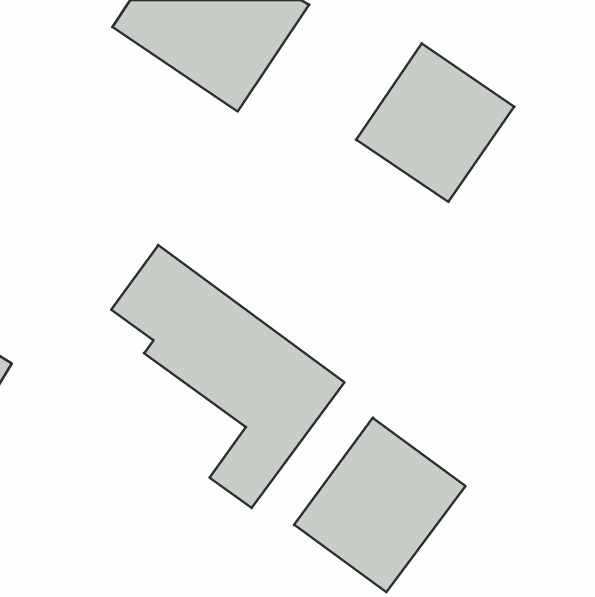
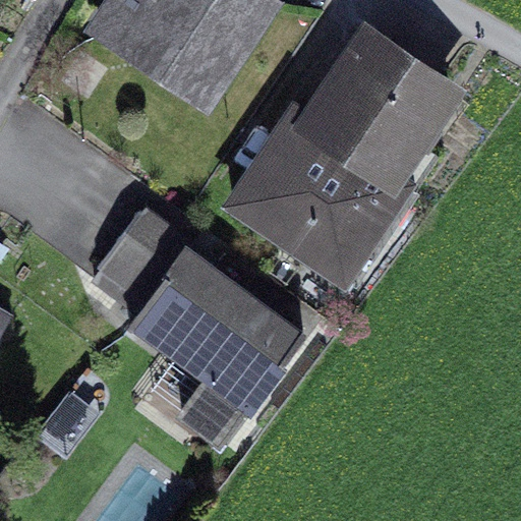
building: none -> [230,113,404,282]
building: [294,418,465,592] -> none

